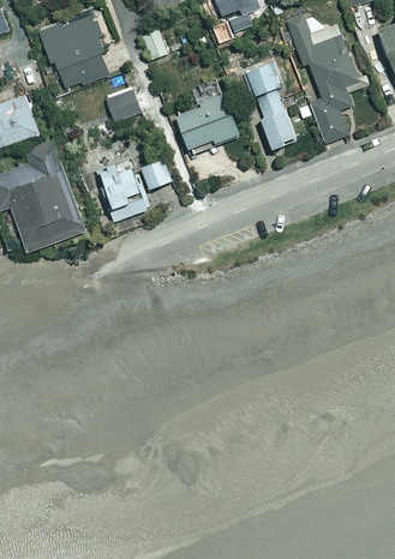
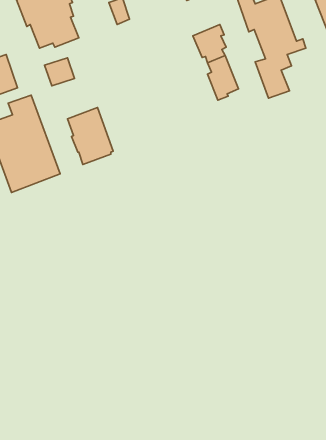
building: [104,89,139,121] -> [45,58,75,86]
building: [173,92,238,148] -> none
building: [138,157,169,187] -> none

